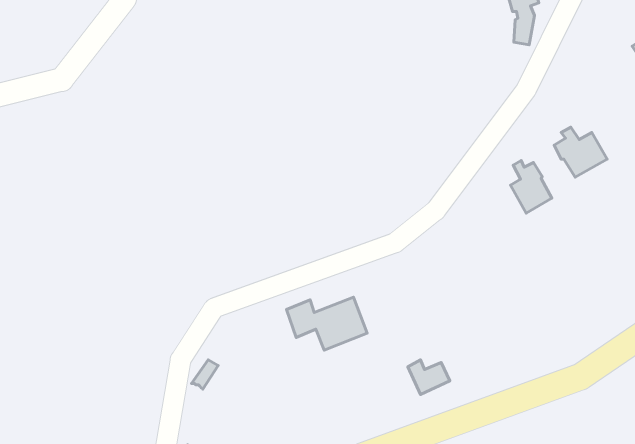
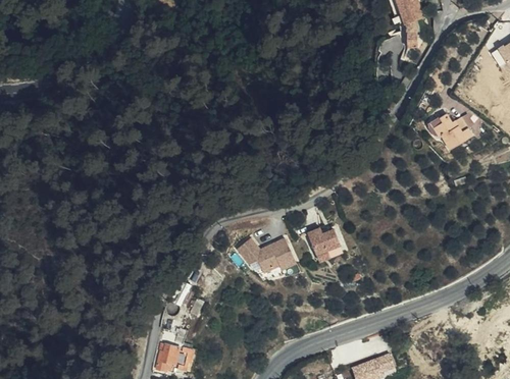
building: [510,161,552,213] -> none
building: [408,360,450,395] -> [307,228,338,254]

